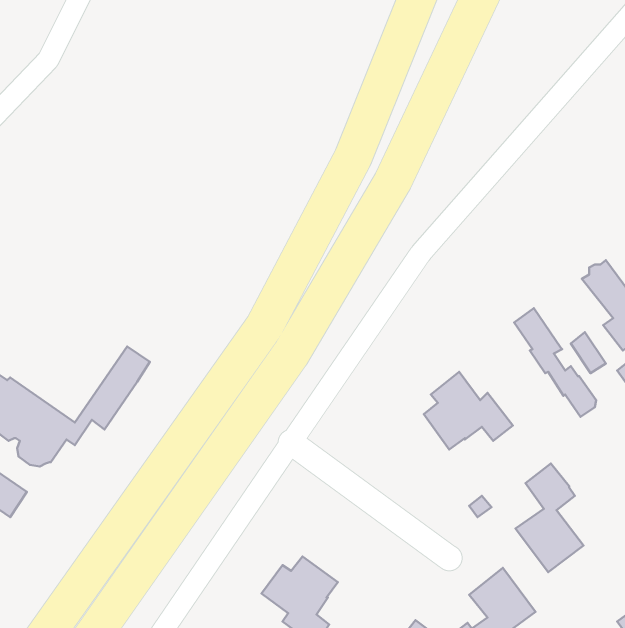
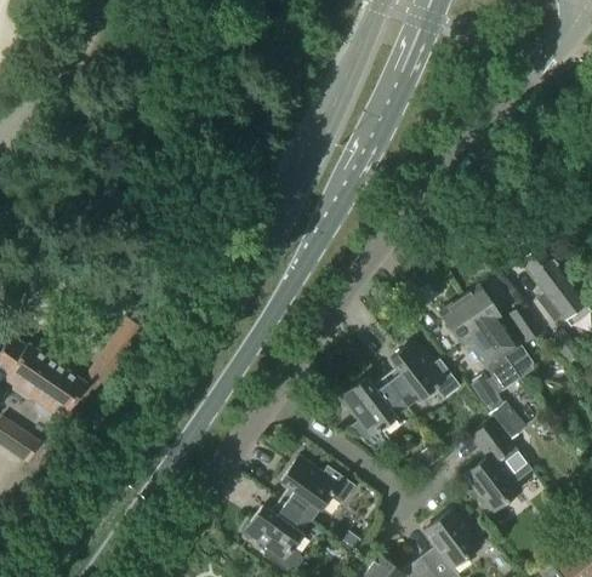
building: none -> [440,298,525,439]
building: none -> [341,377,406,450]
building: none -> [280,456,355,521]

